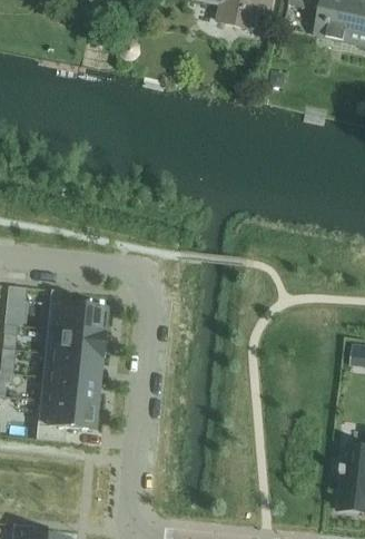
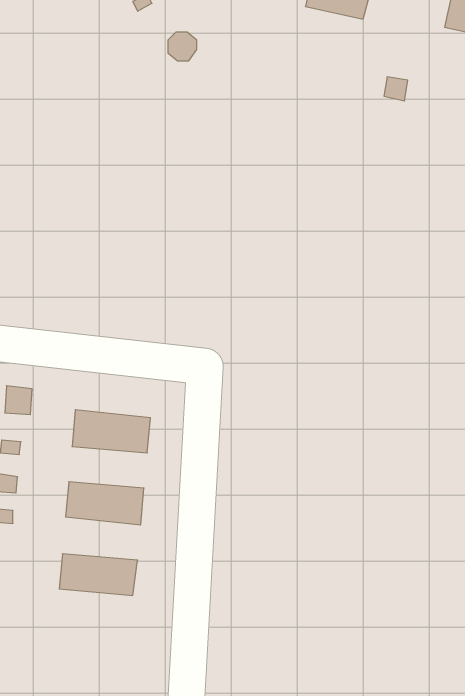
building: [50,326,105,355] -> none
building: [46,375,100,405] -> none

